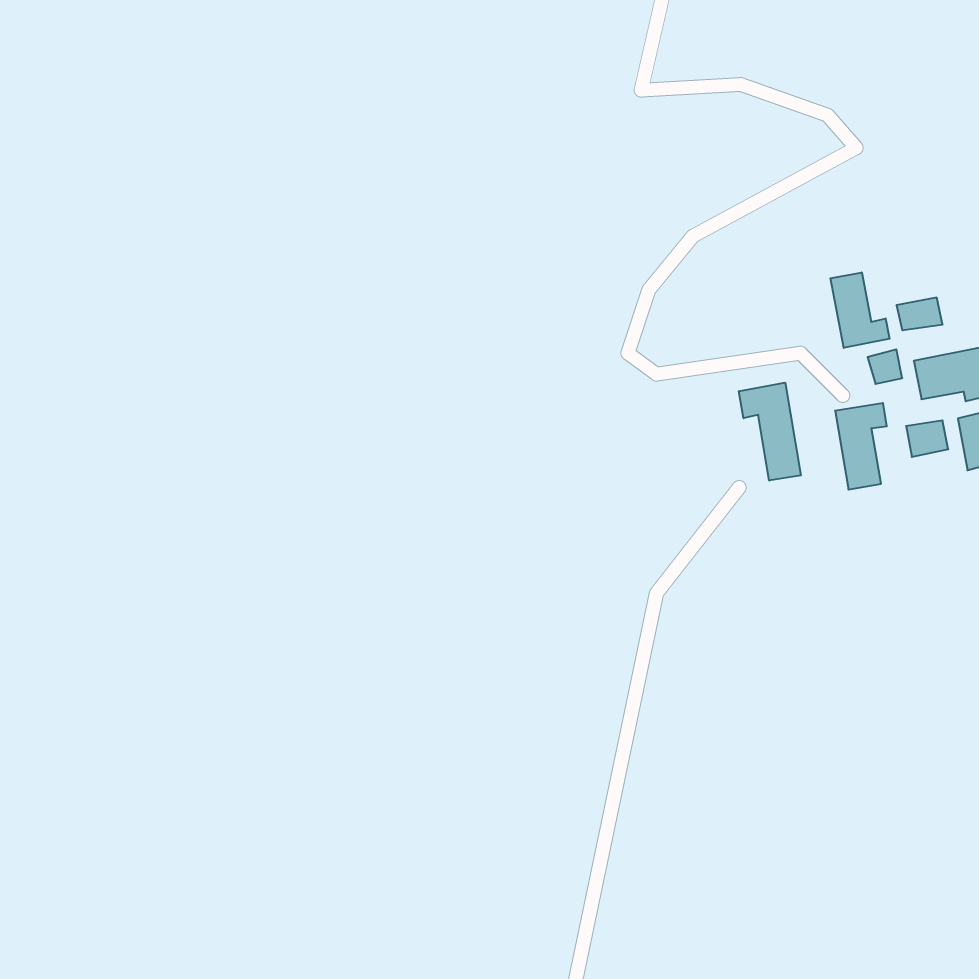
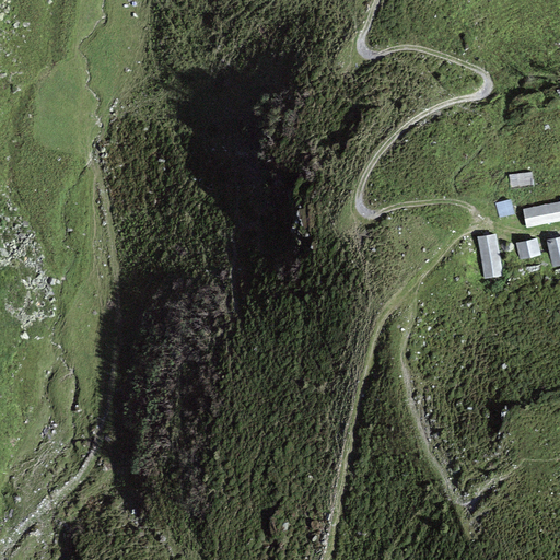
building: [830,272,890,348] -> none
building: [739,383,801,481] -> none

